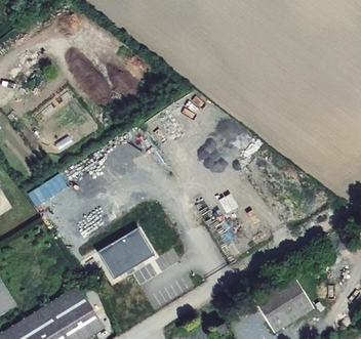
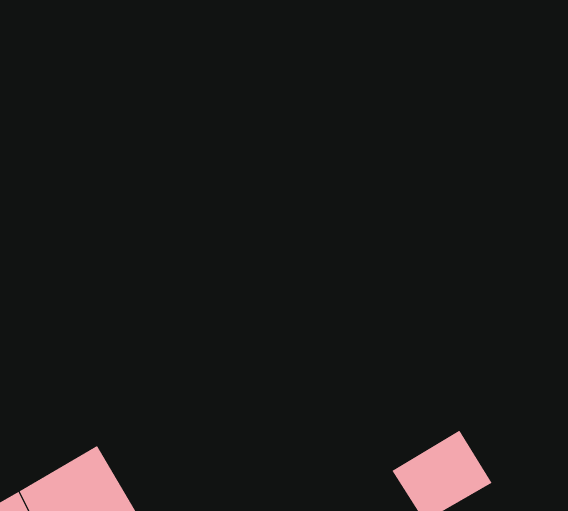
building: [99,223,155,273] -> none

